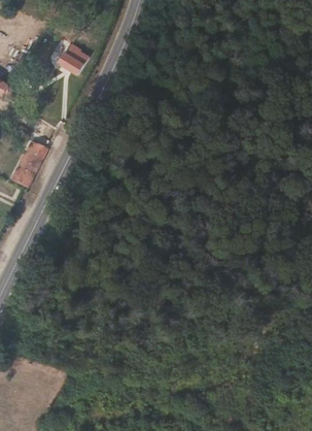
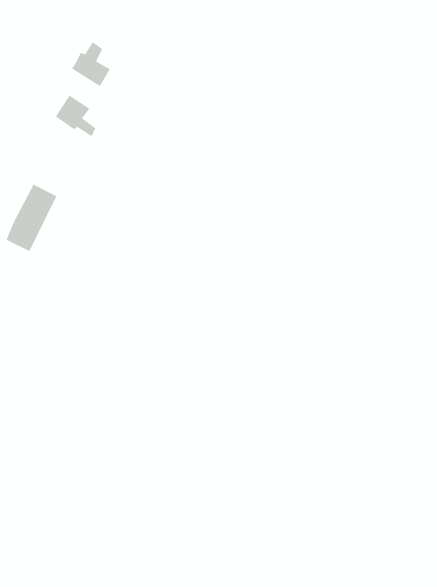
building: none -> [55,94,96,137]

